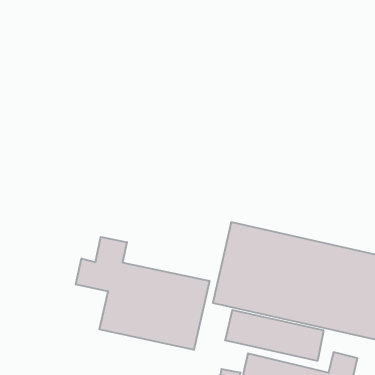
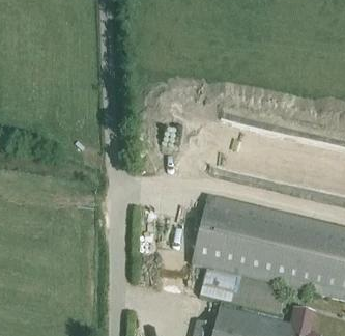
building: [76,237,209,350] -> none

